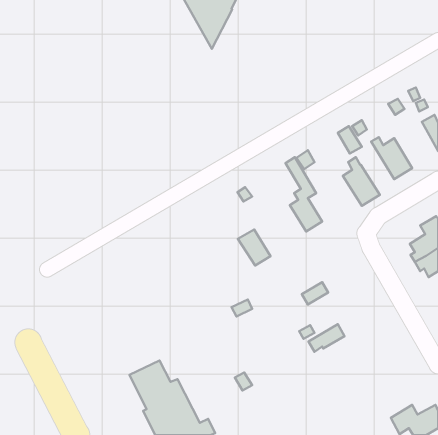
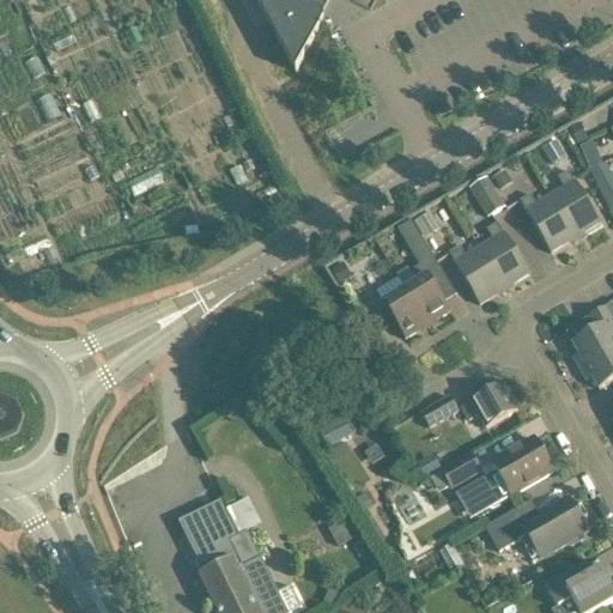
building: none -> [551,169,601,235]
building: none -> [449,242,505,302]
building: [238,229,270,265] -> [382,286,427,336]
building: none -> [462,381,517,426]
building: none -> [456,437,553,517]
building: none -> [485,496,587,557]

